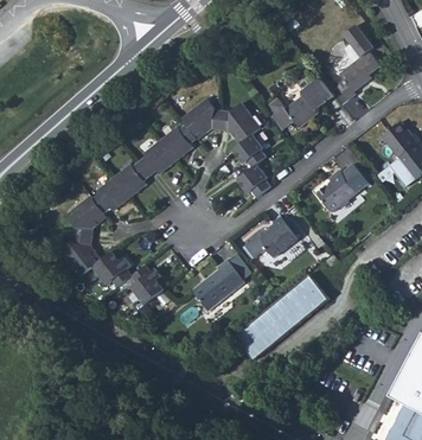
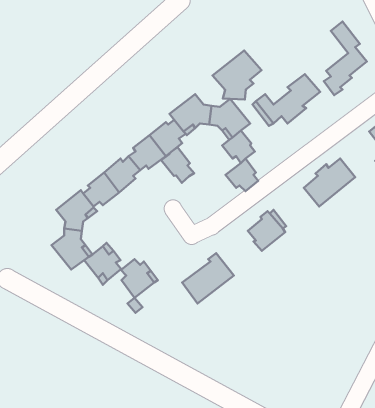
building: none -> [212,50,261,100]
building: none -> [161,147,194,183]
building: [234,275,328,361] -> none

